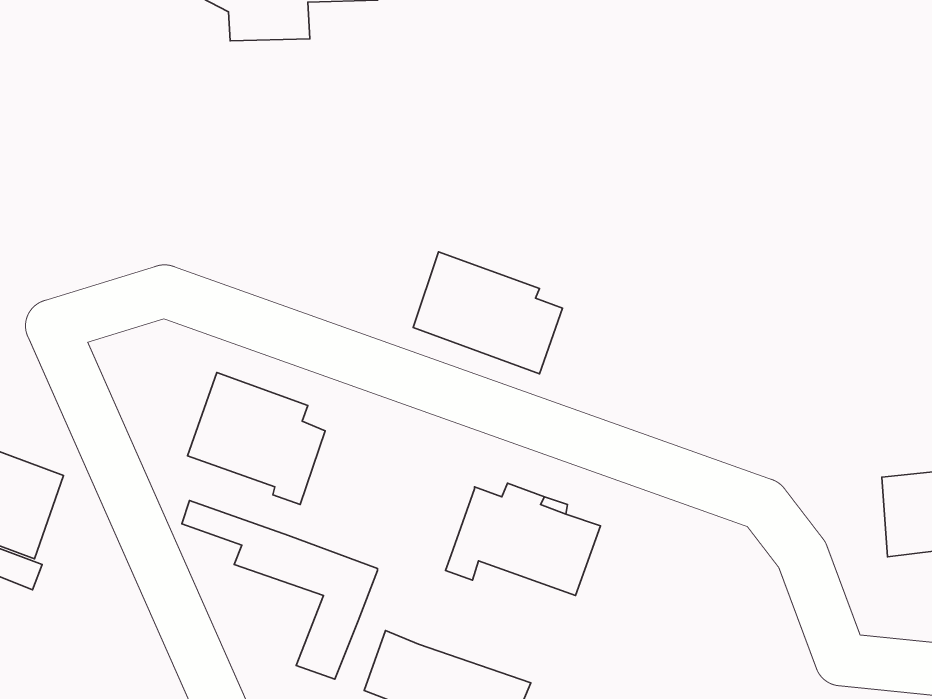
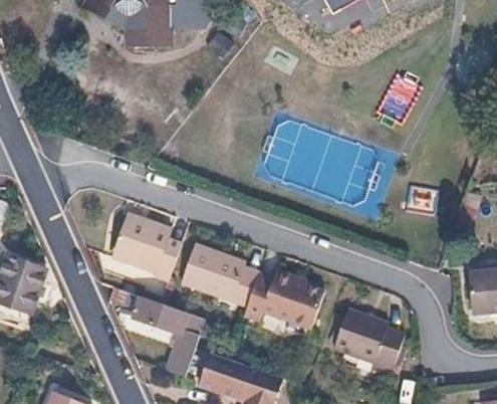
building: [413,252,563,374] -> [180,246,257,310]
building: none -> [330,310,401,375]

